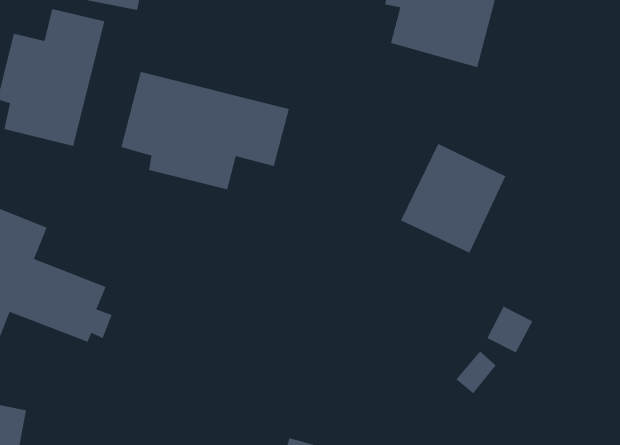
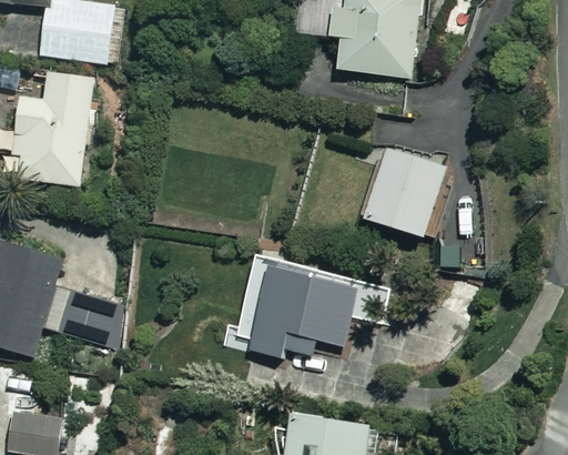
building: [121,71,290,190] -> none
building: none -> [242,259,355,358]

